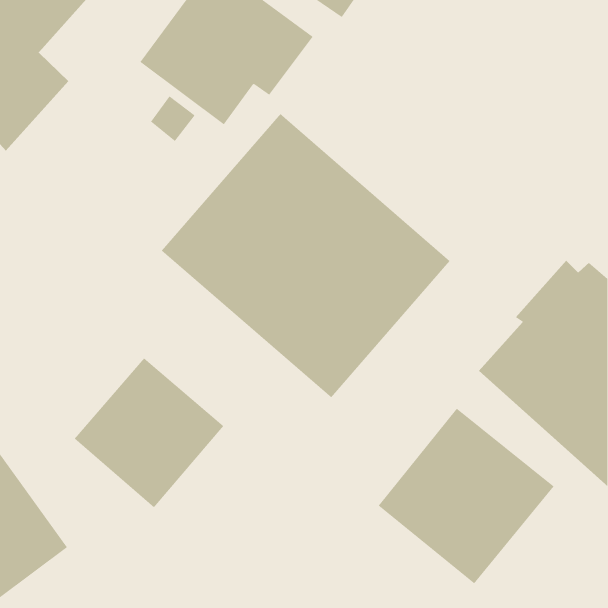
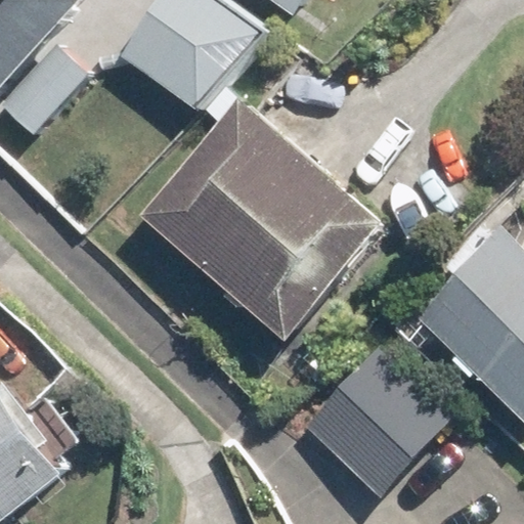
building: [74,357,224,508] -> none

